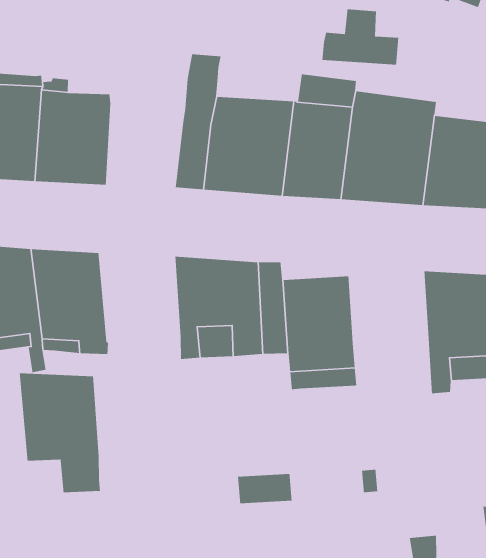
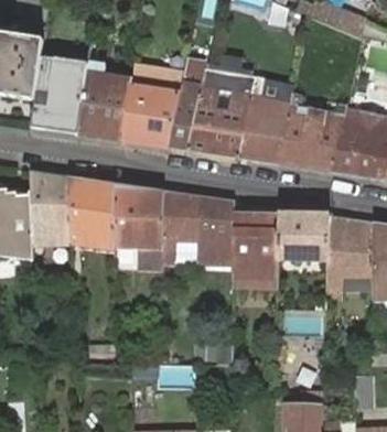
building: [321,8,399,65] -> [202,54,255,95]
building: none -> [123,72,183,145]
building: none -> [278,214,329,269]
building: [19,373,101,493] -> [115,184,164,268]

